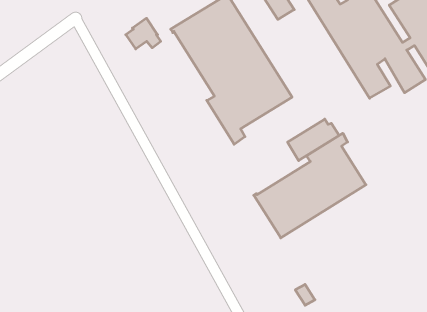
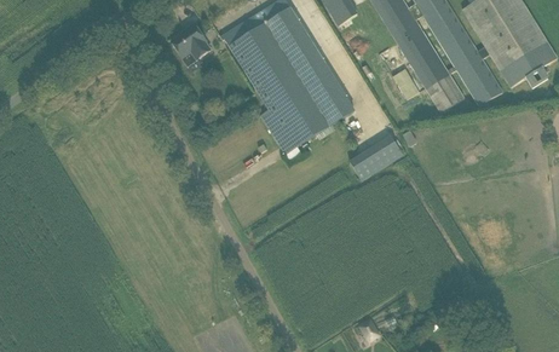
building: [254,133,366,238] -> none

